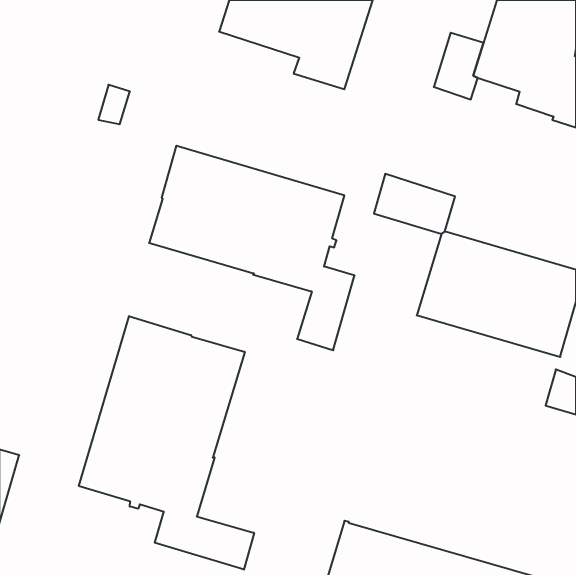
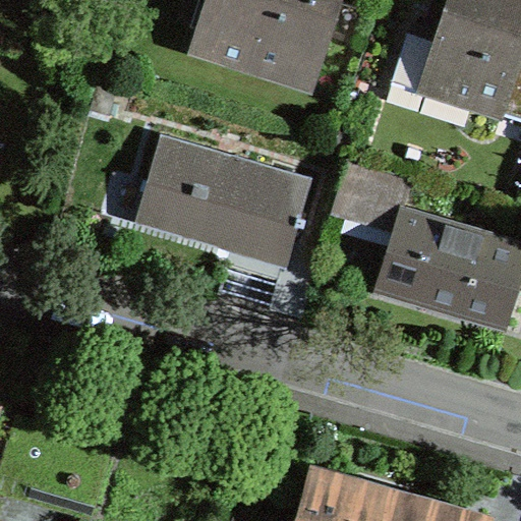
building: [79,316,254,570] -> none

